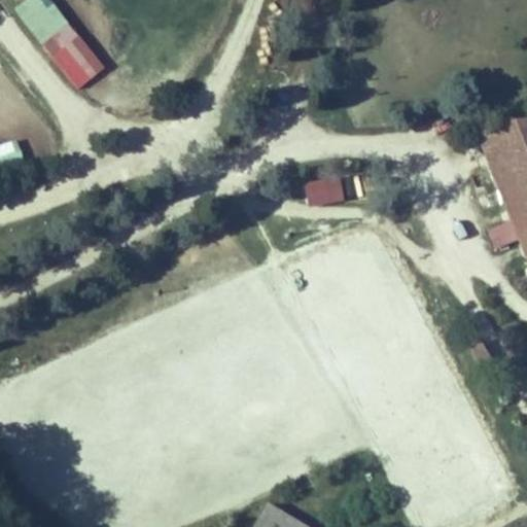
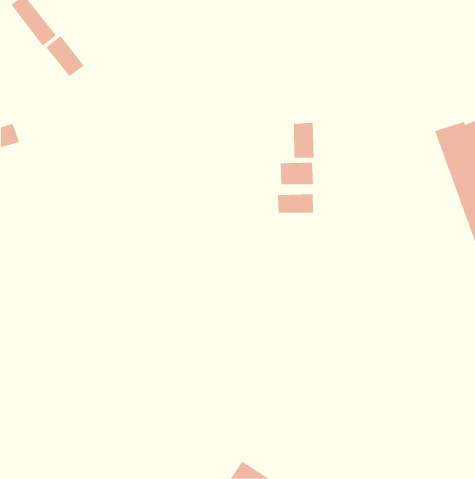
building: none -> [293,122,314,159]
building: none -> [277,193,313,214]

